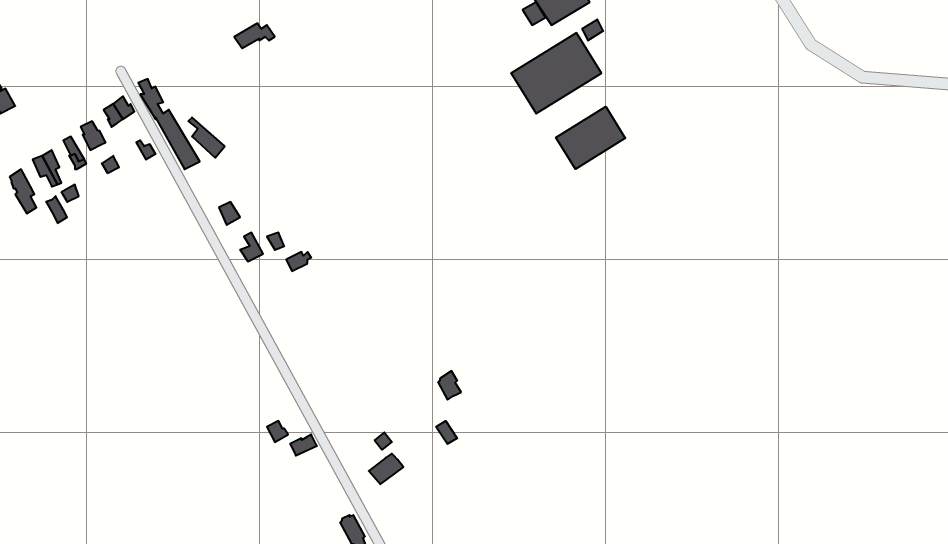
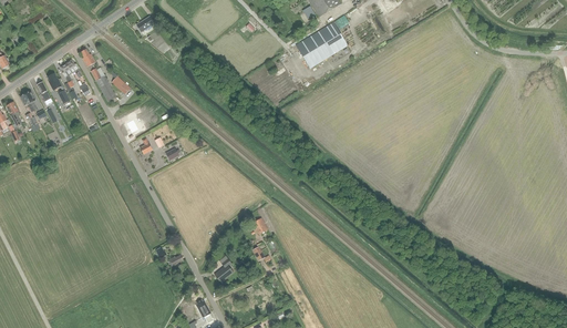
building: [556,107,625,169] -> none

